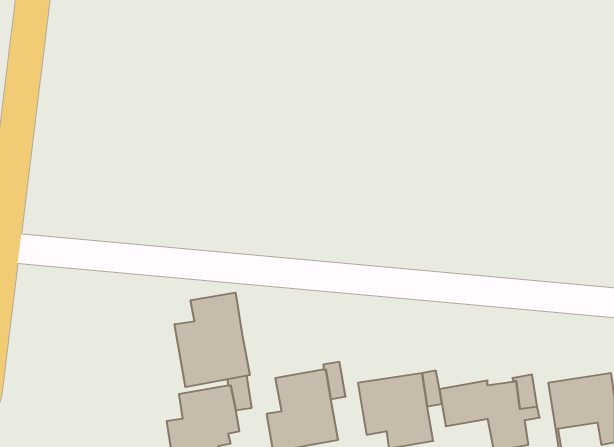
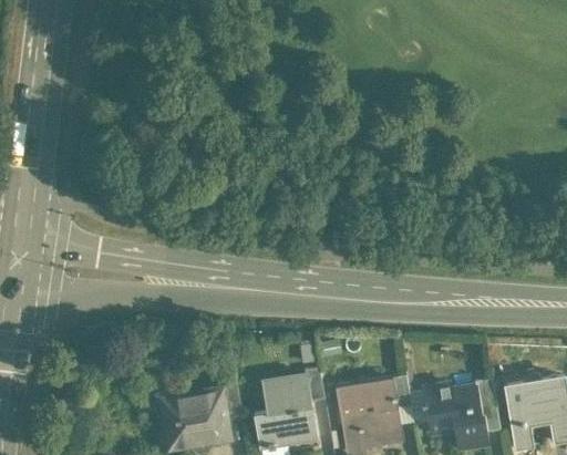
building: [175,293,250,387] -> none

